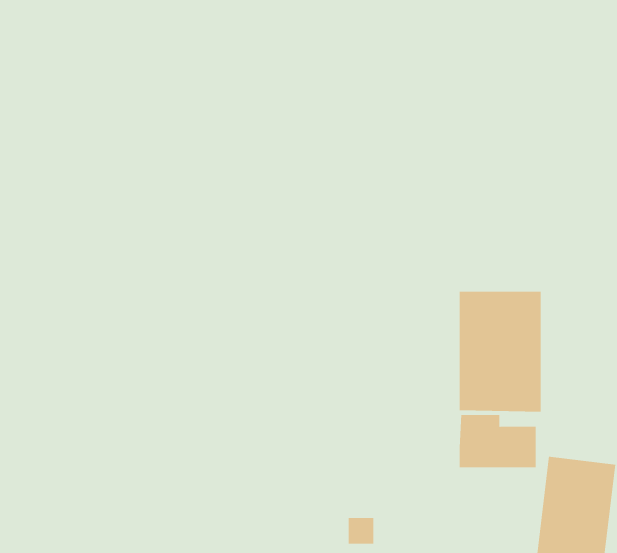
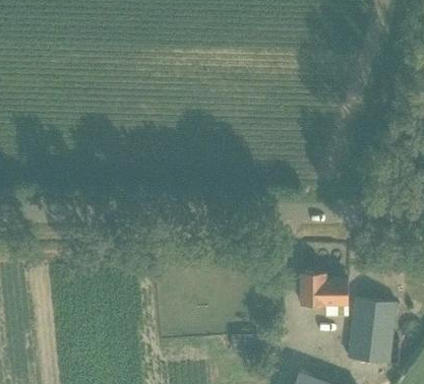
building: [459,291,541,412] -> none

